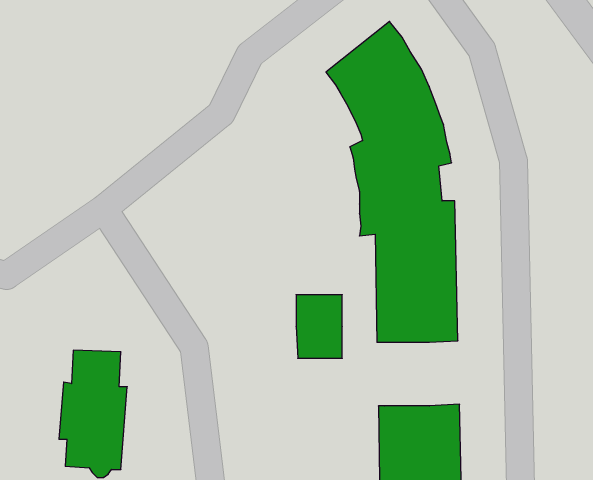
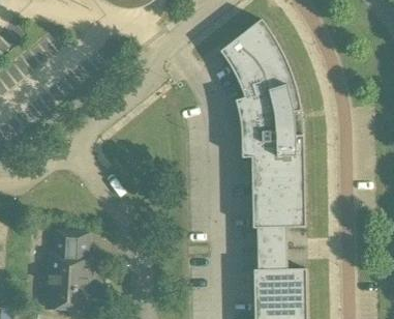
building: [296,295,342,358] -> [256,228,286,269]

